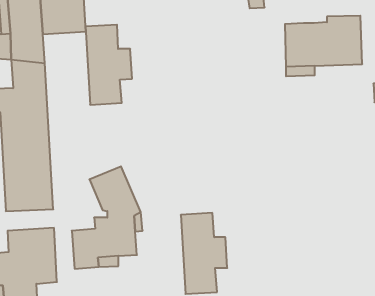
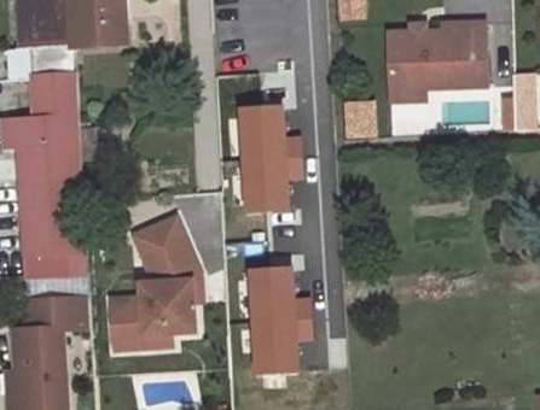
building: [86,25,132,105] -> [242,100,302,204]

